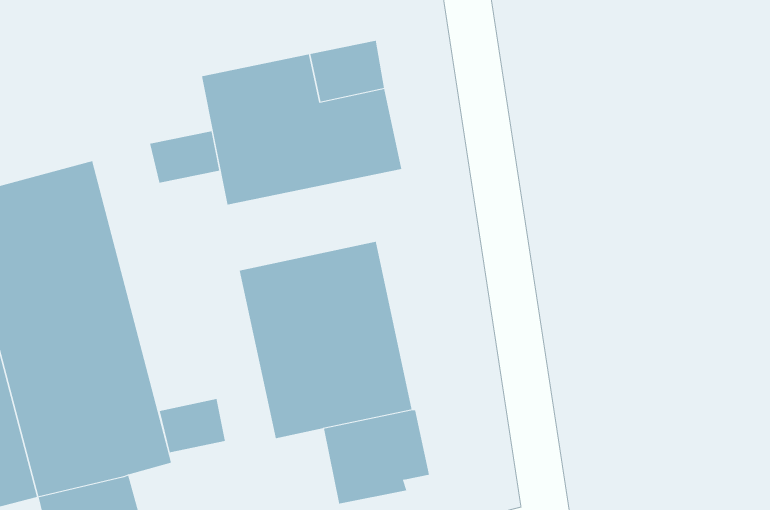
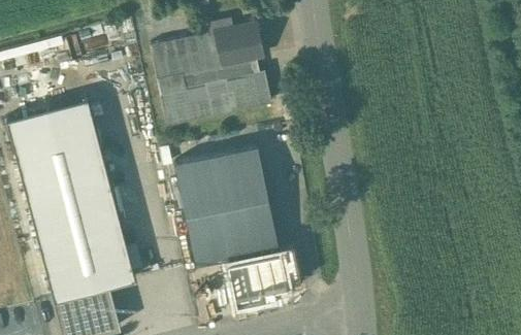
building: [150,130,220,183] -> none
building: [159,398,226,453] -> none

